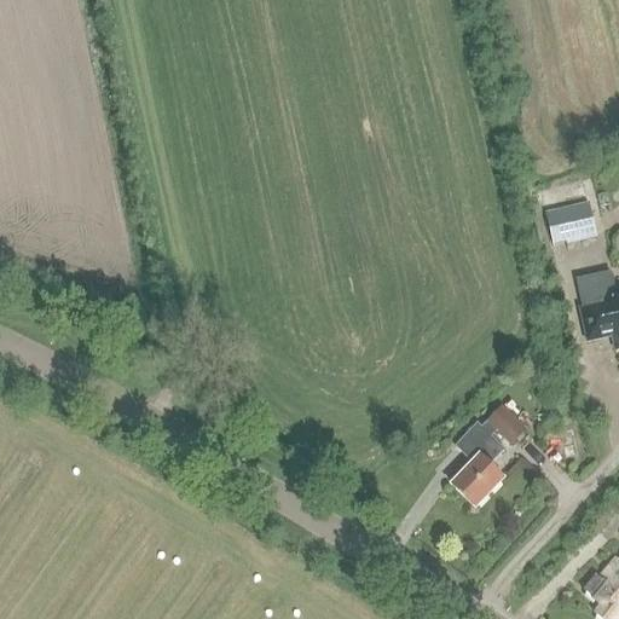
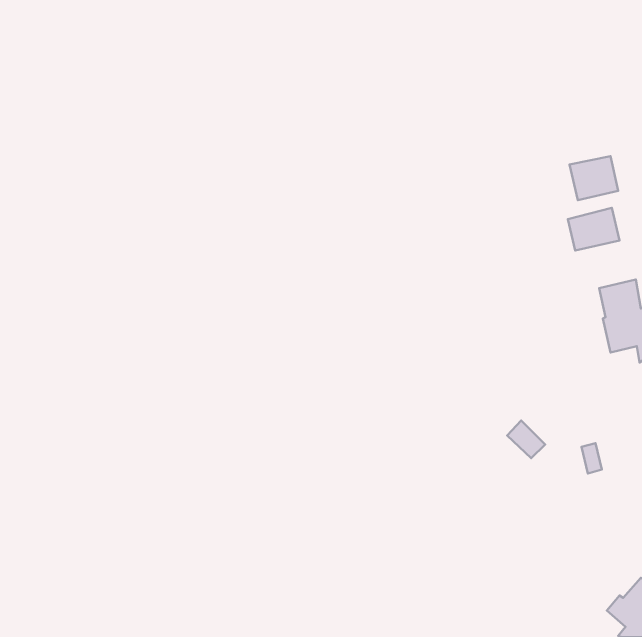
building: none -> [569,156,618,200]
building: [452,420,505,504] -> none

